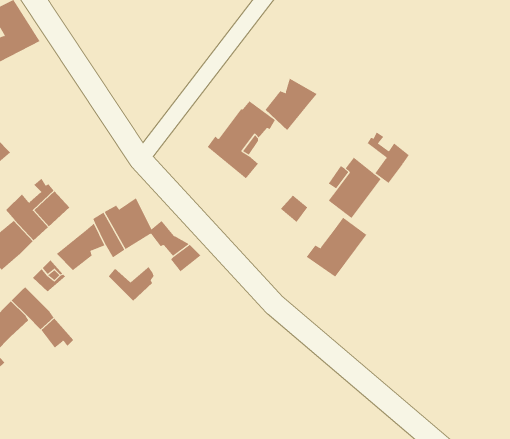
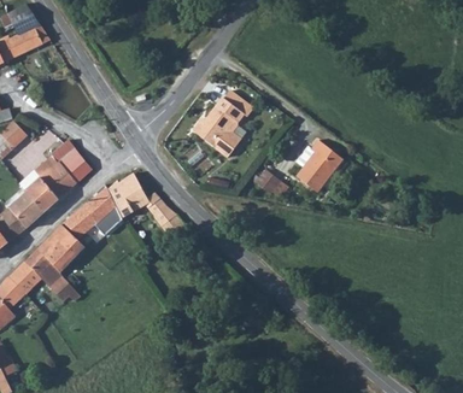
building: [265,78,318,131] -> none
building: [367,132,409,184] -> none
building: none -> [49,141,92,181]
building: [306,217,367,277] -> none
building: [108,266,154,302] -> [37,240,77,270]

